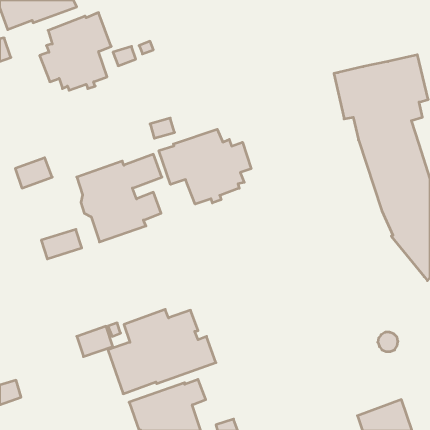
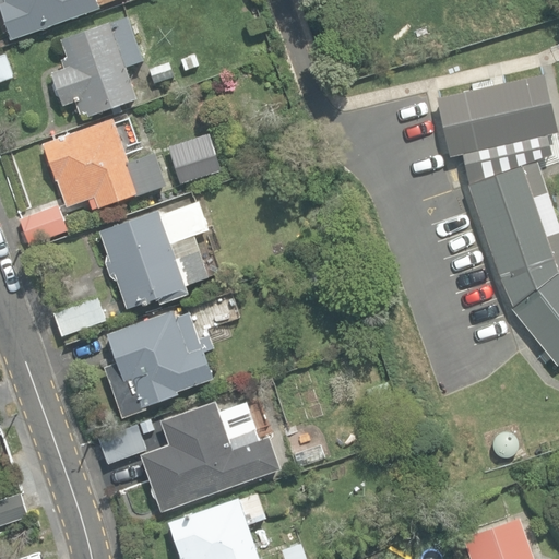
building: none -> [44,120,168,210]
building: [159,129,251,204] -> none
building: none -> [104,309,214,418]

